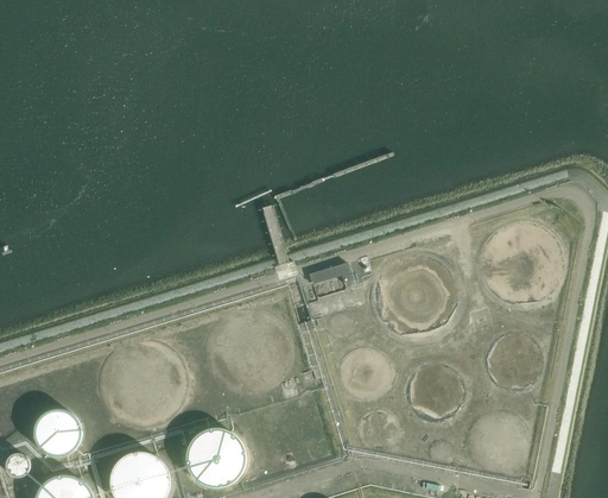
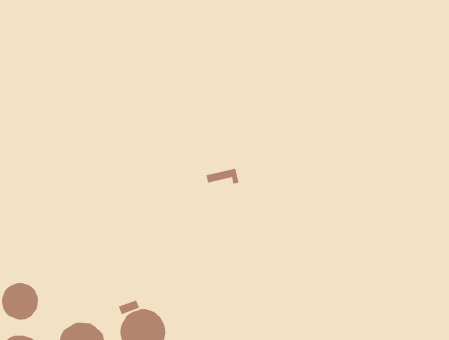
building: [308,265,352,288] -> [205,168,239,185]

